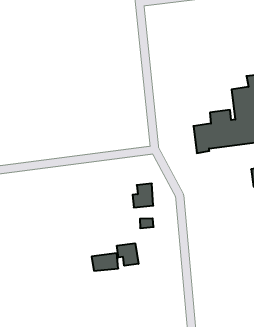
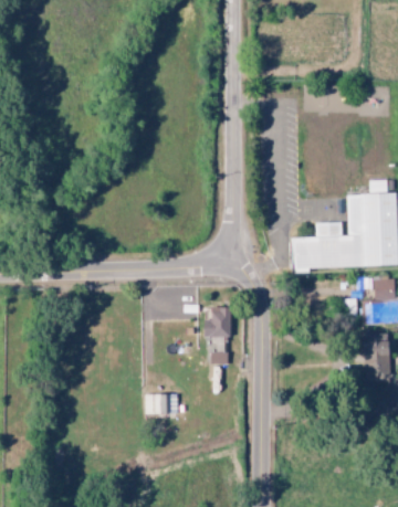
building: [117,243,138,266] -> none

